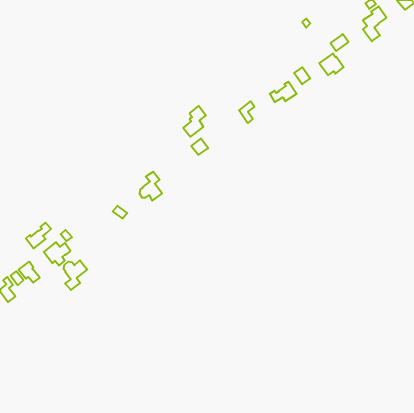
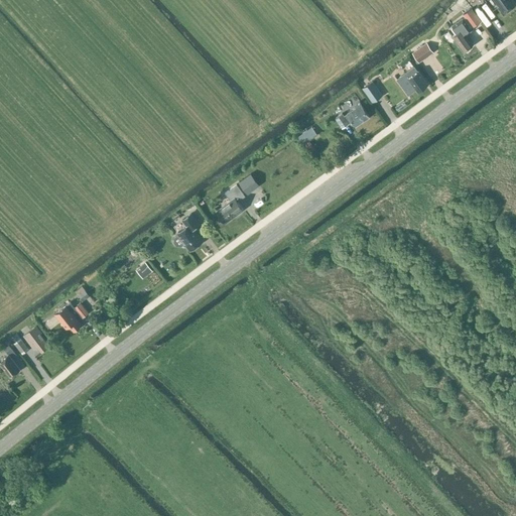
building: [183,106,206,137] -> [217,184,245,223]
building: [26,223,51,248] -> none
building: [64,260,87,290] -> none

